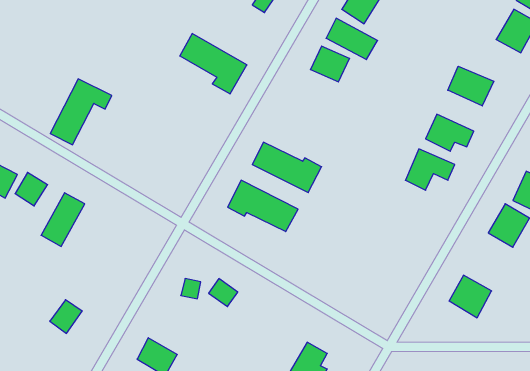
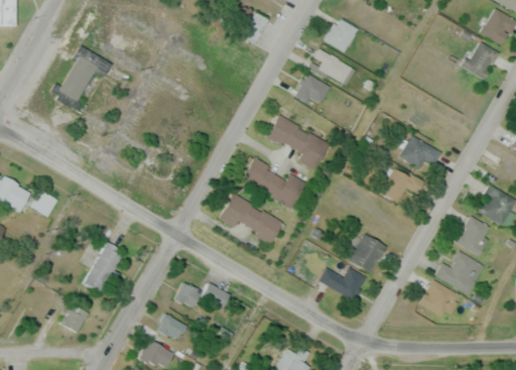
building: [180,34,247,94] -> [268,116,329,170]
building: [448,66,494,106] -> none
building: [50,79,112,145] -> [55,48,111,108]
building: [41,193,85,246] -> [85,243,124,291]
building: none -> [348,234,386,274]
building: none -> [434,252,484,294]
building: none -> [317,267,366,301]
building: none -> [156,315,184,341]

